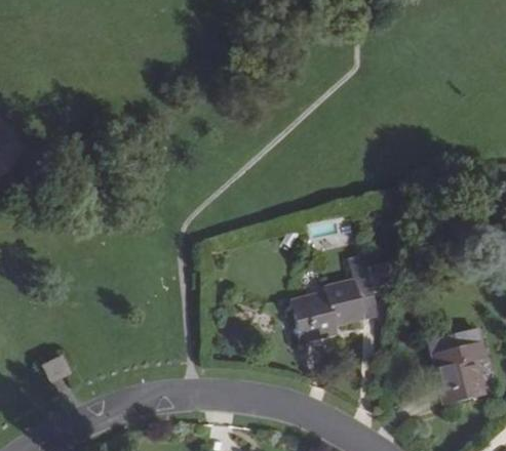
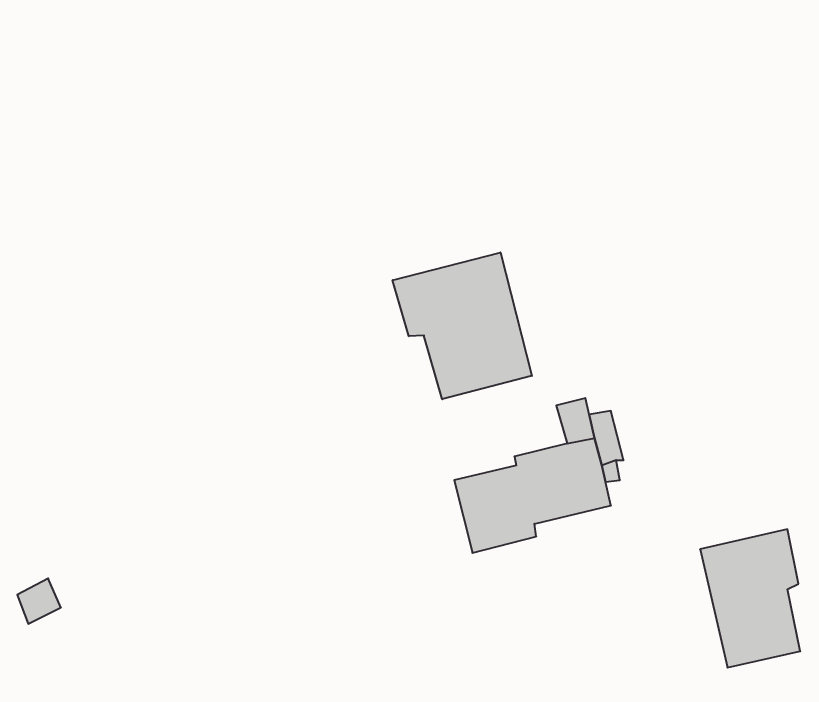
building: none -> [393,252,532,399]

